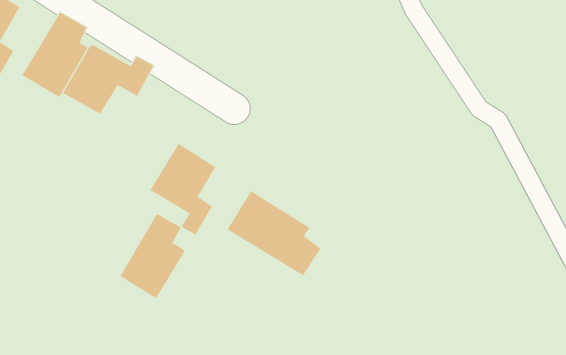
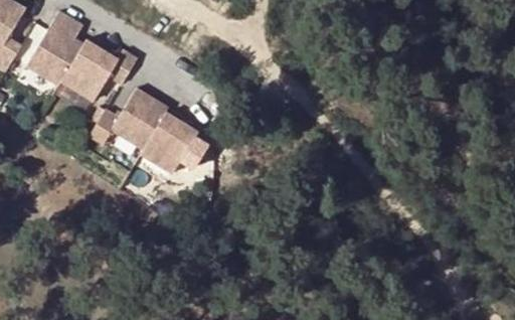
building: [227,190,321,276] -> none
building: [119,213,185,299] -> [106,86,161,158]

